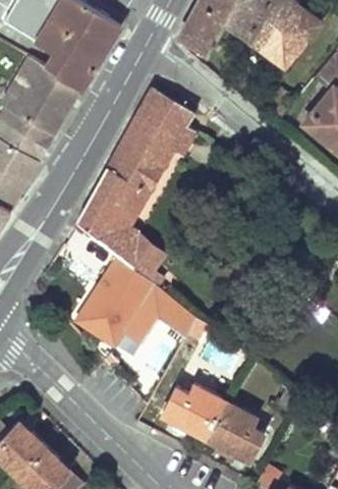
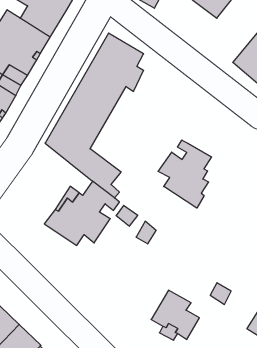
building: none -> [158,140,212,208]
building: [161,384,225,437] -> none

